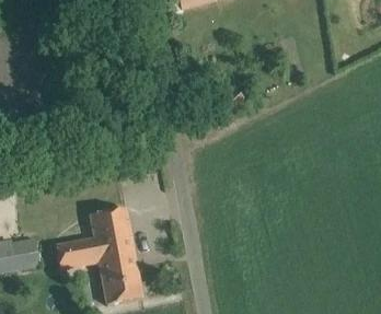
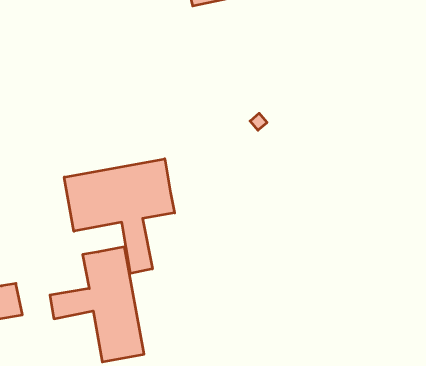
building: none -> [64,159,175,273]

